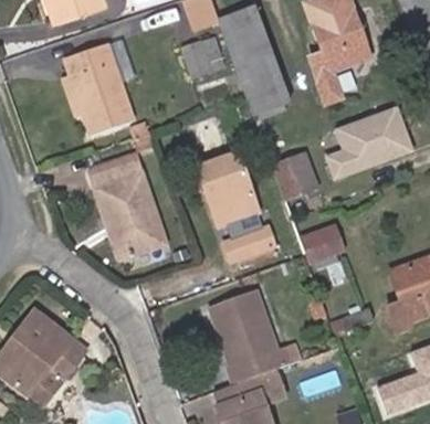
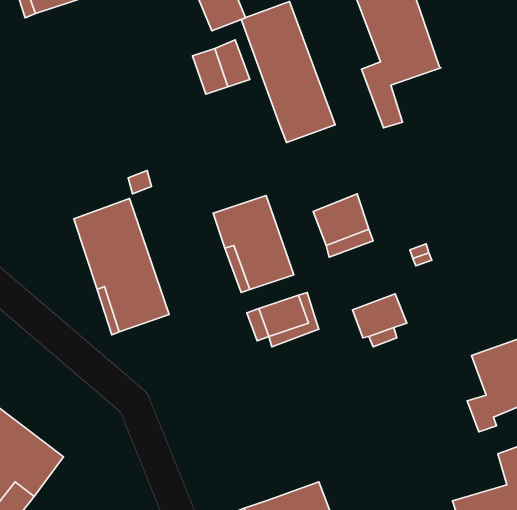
building: [65,44,133,135] -> none
building: [326,106,411,179] -> none
building: [209,289,297,383] -> none

